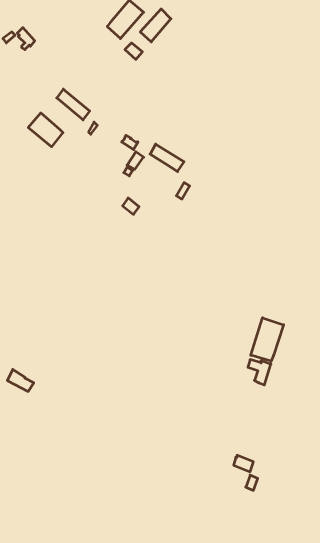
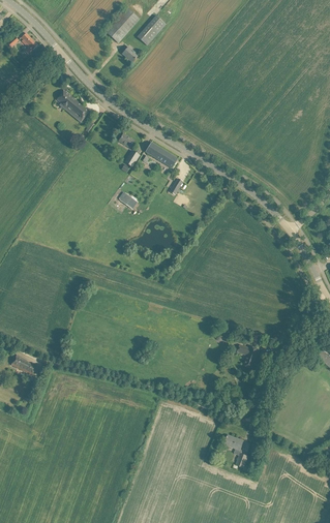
building: [28,113,63,147] -> none
building: [251,318,284,361] -> none

